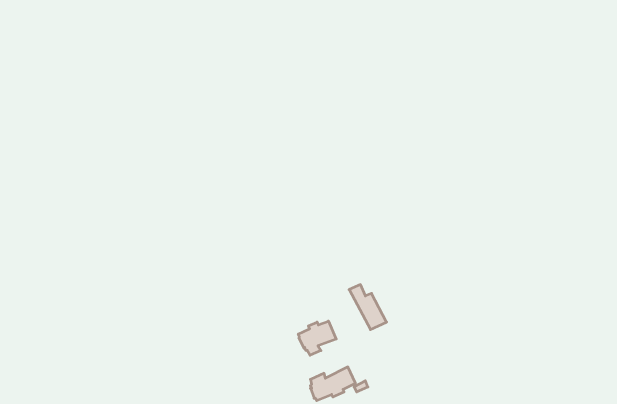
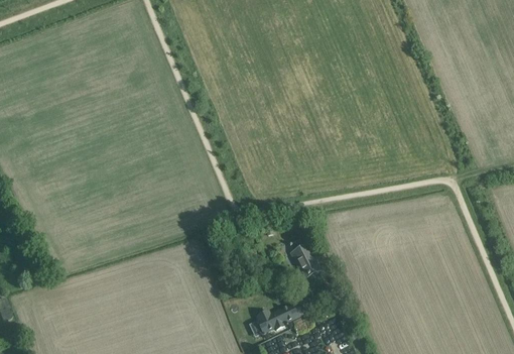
building: [298,321,336,355] -> none

